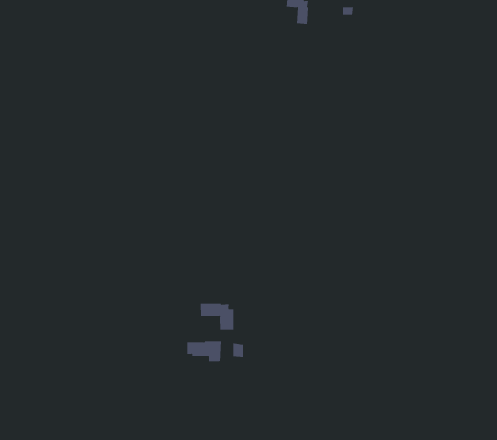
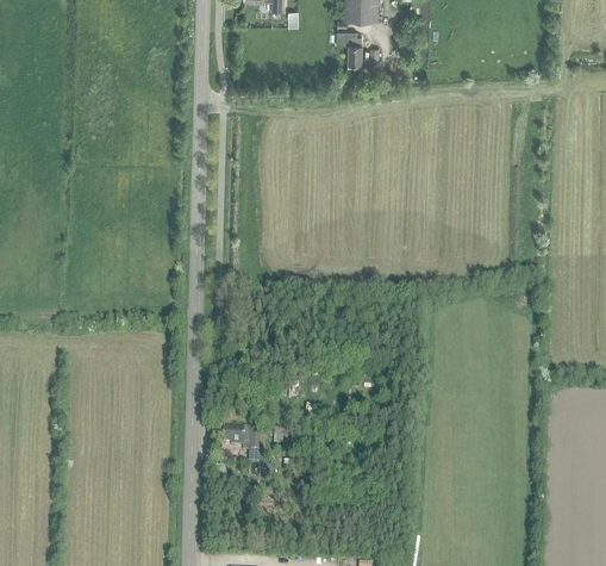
building: [200,303,234,330] -> none

